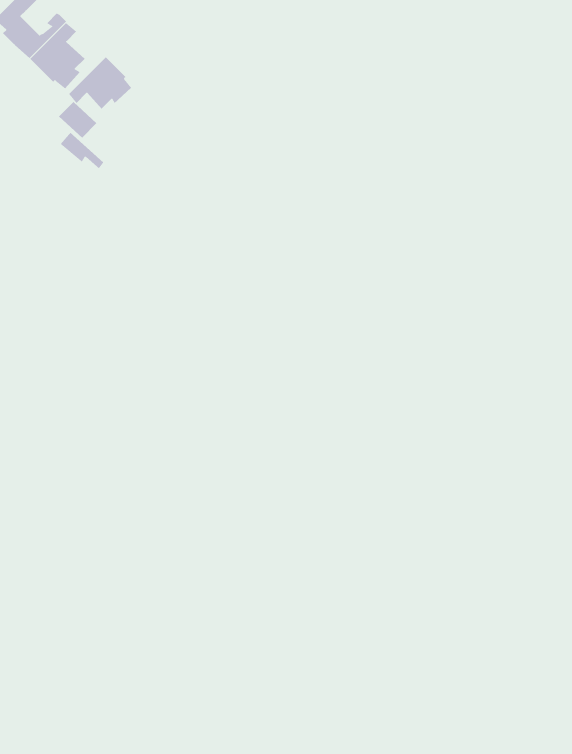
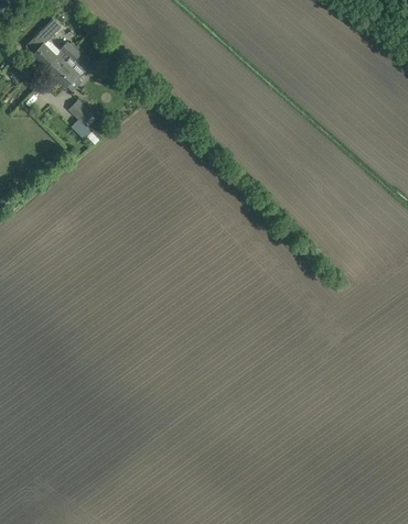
building: [68,57,132,110] -> none

